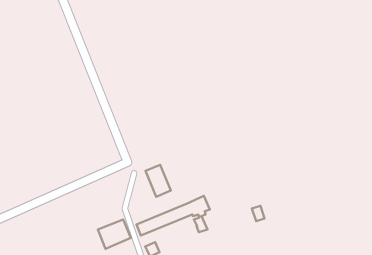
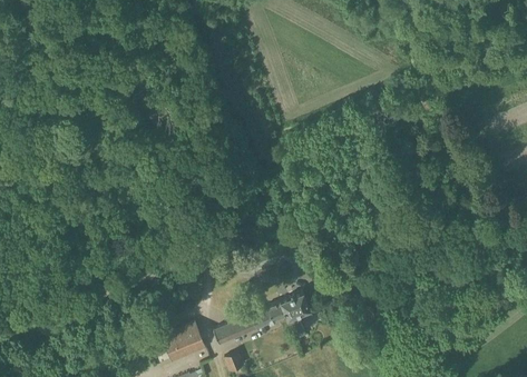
building: [146,165,171,197] -> none

